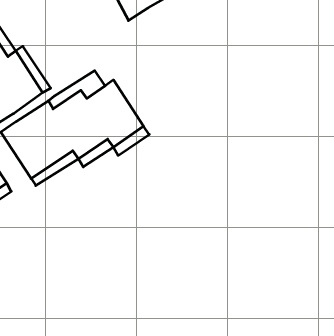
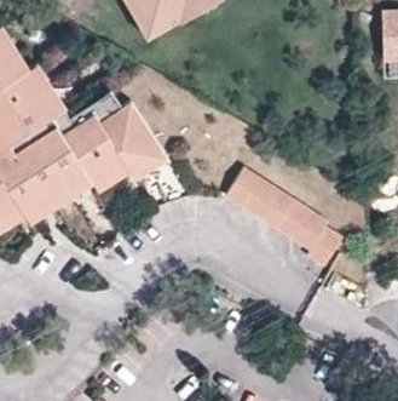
building: none -> [225,167,342,265]

